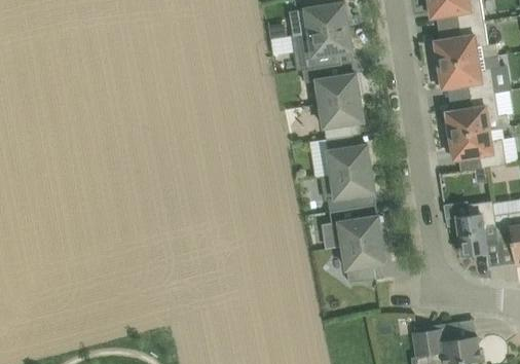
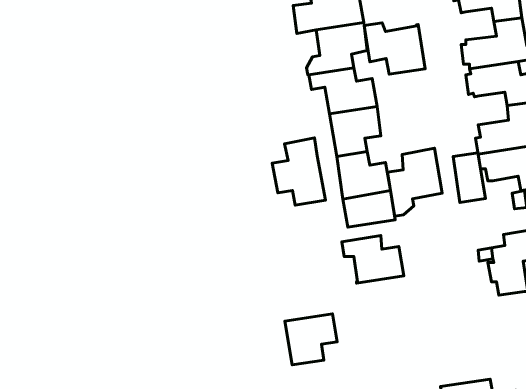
building: none -> [364,23,425,74]
building: none -> [272,138,326,205]
building: none -> [388,148,442,216]
building: none -> [453,153,486,203]
building: [342,240,386,283] -> [285,314,337,365]

